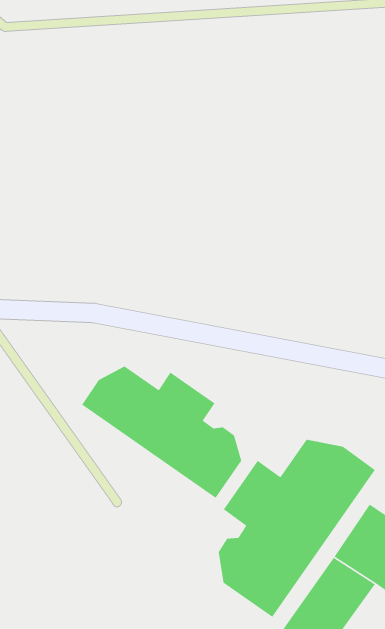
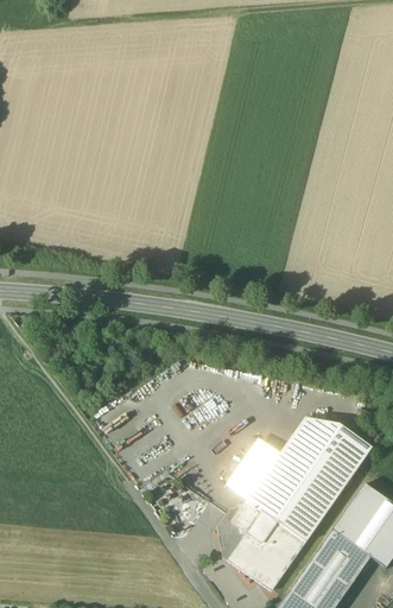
building: [81,365,242,499] -> none

